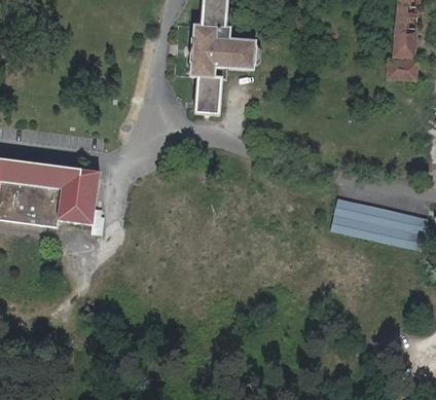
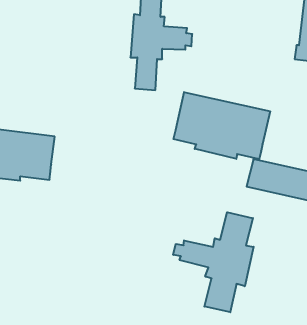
building: none -> [173,92,270,159]
building: none -> [173,212,254,312]

